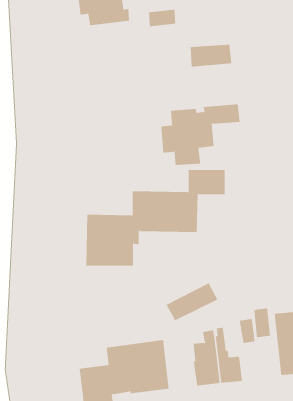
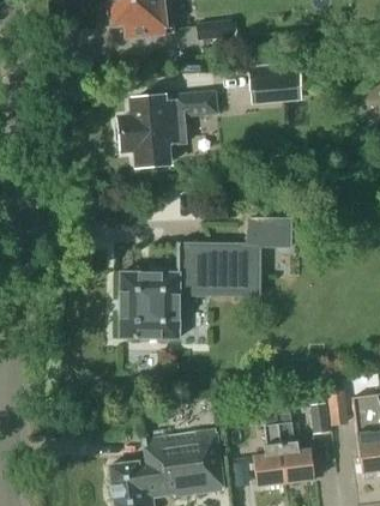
building: [160,104,241,166] -> [120,90,219,167]
building: [166,282,218,321] -> none

